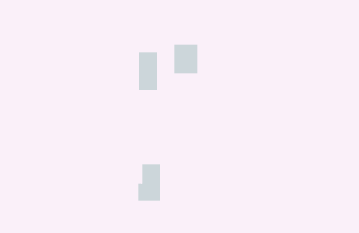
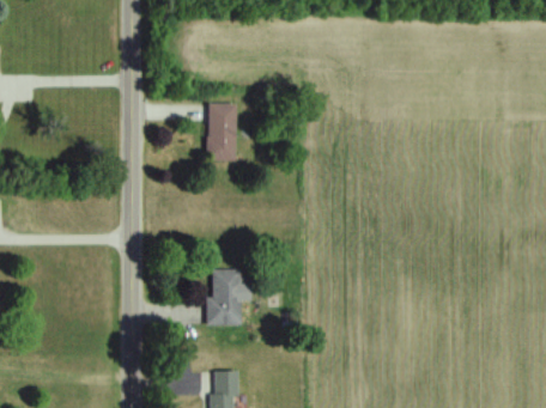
building: [174,44,198,74] -> none

